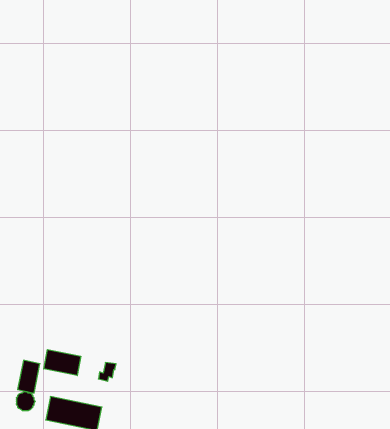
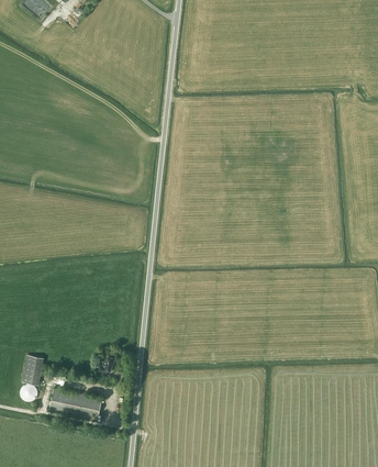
building: [44,350,81,376] -> none

